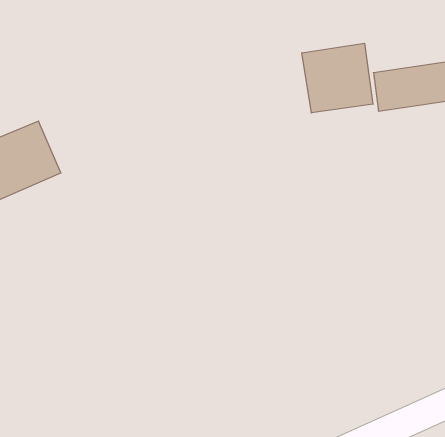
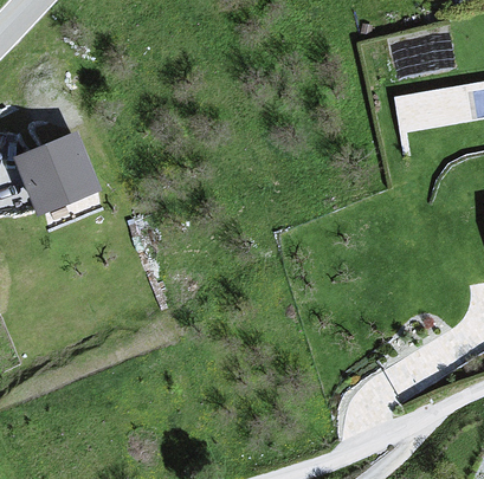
building: [302,43,373,113] -> none

